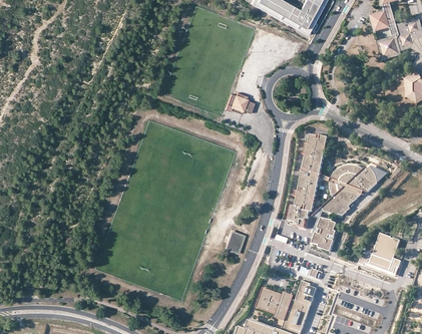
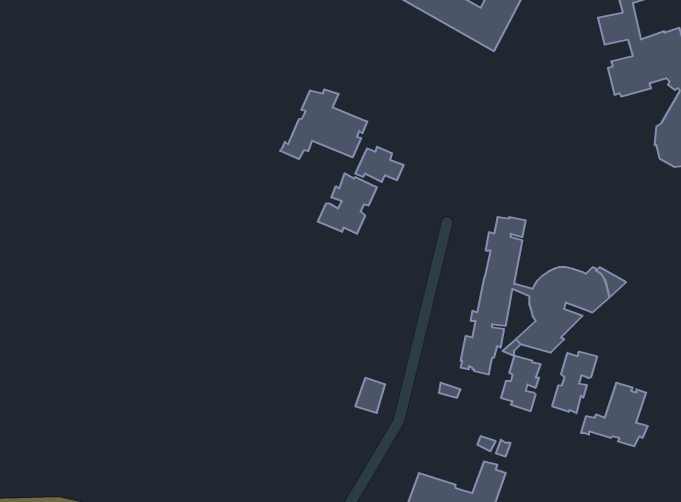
building: none -> [280,89,367,159]
building: none -> [318,173,377,234]
building: none -> [552,352,597,413]

